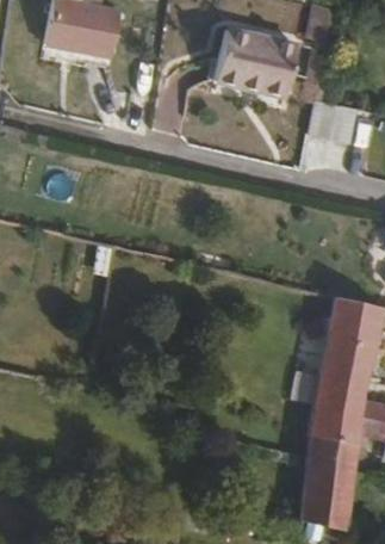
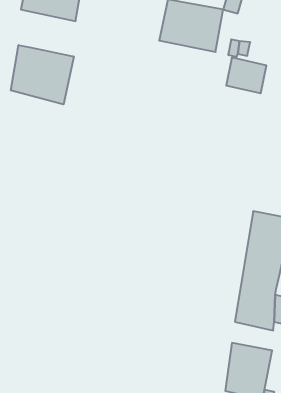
building: none -> [11,45,74,104]
building: [309,434,360,470] -> none

